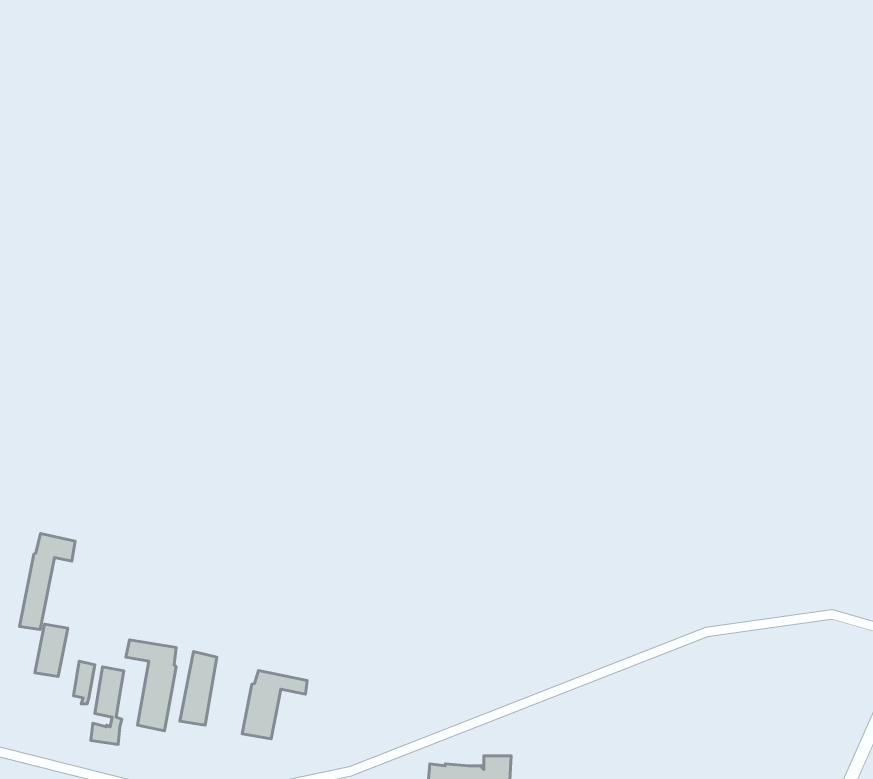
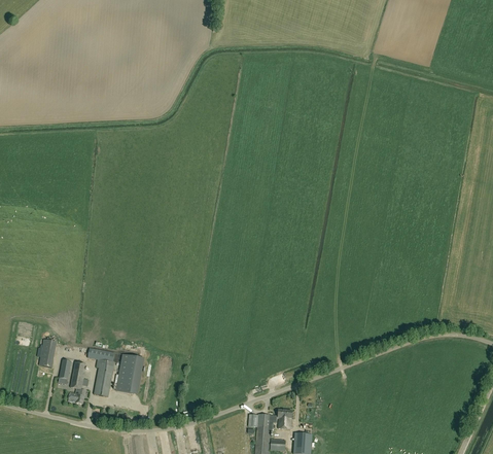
building: [19,534,75,630] -> none
building: [242,670,307,739] -> none

